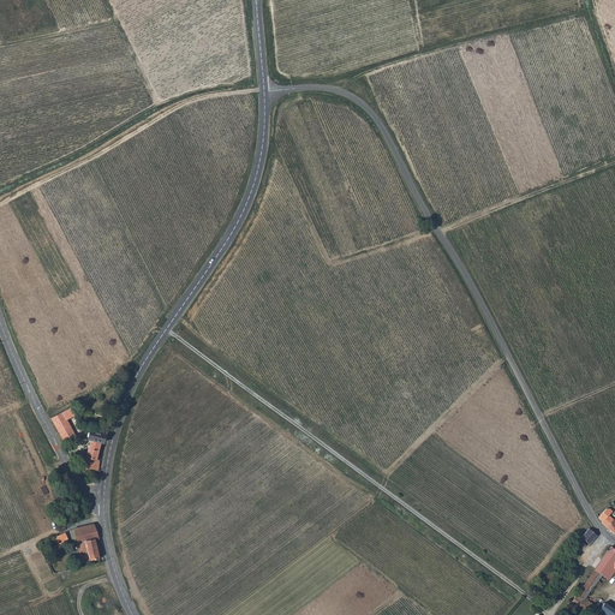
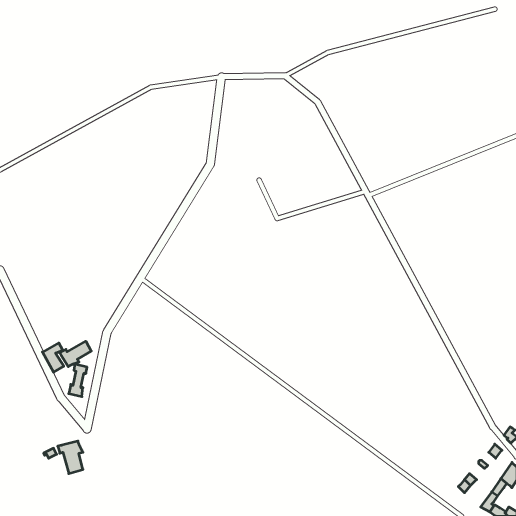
building: none -> [60,341,91,367]

